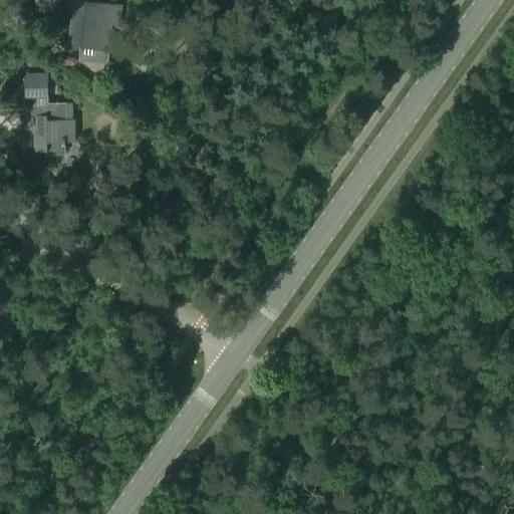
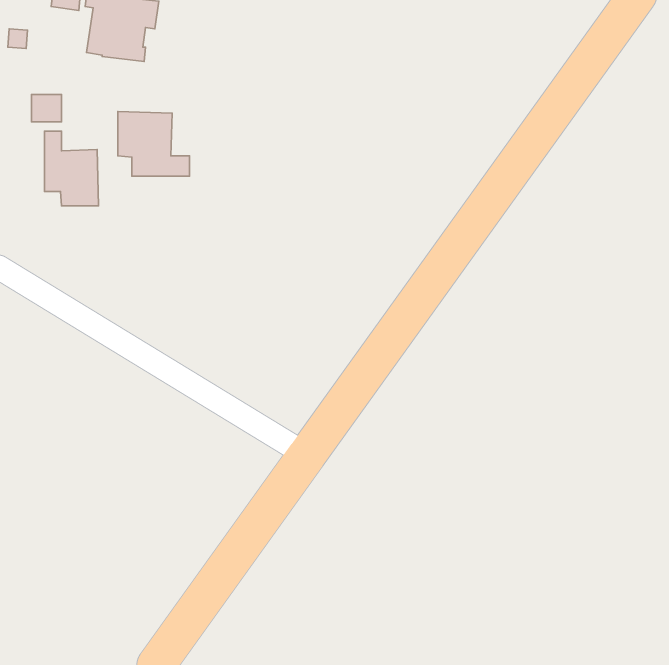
building: none -> [118,111,190,176]

